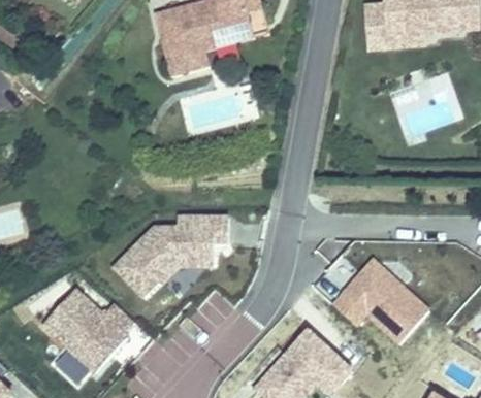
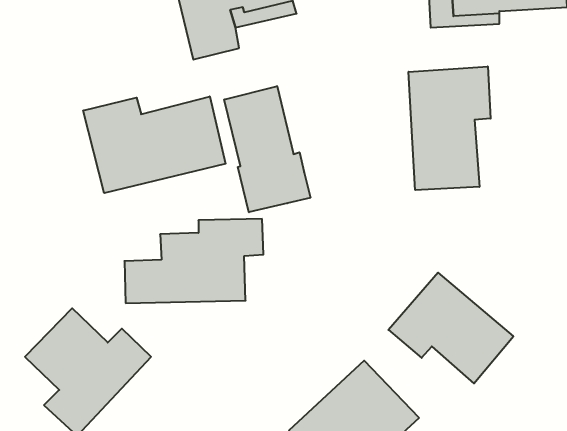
building: none -> [409,66,491,190]
building: none -> [224,86,310,212]
building: none -> [83,96,226,193]

